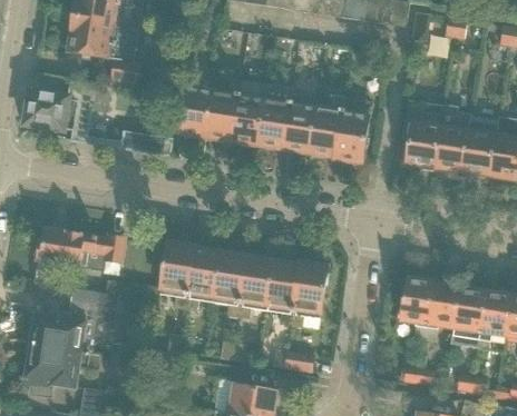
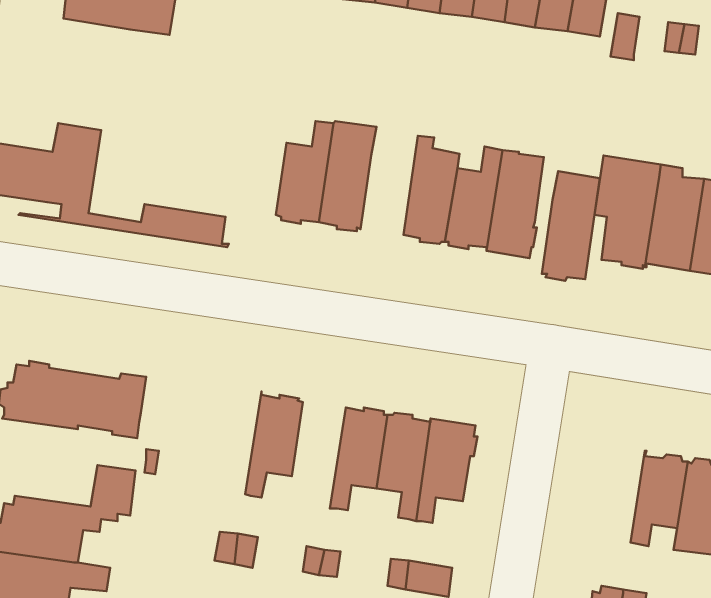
building: [62,14,138,80] -> none
building: [177,71,211,138] -> none
building: [256,81,292,149] -> [542,171,599,281]
building: [160,240,195,308] -> none
building: [214,249,247,317] -> none
building: [397,277,432,338] -> none

